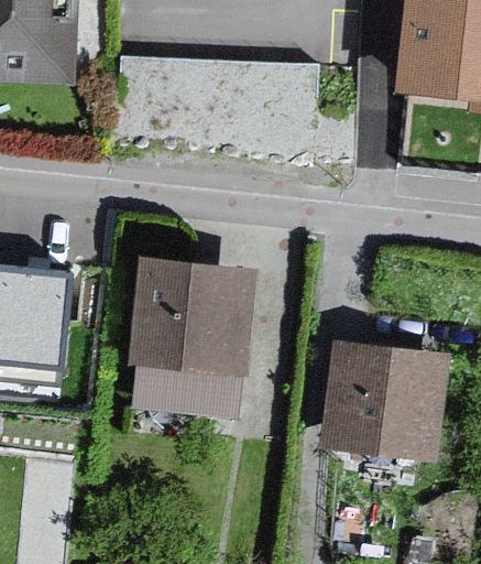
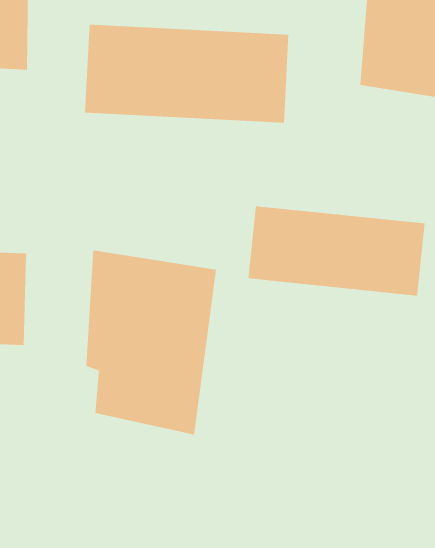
building: none -> [248,205,425,296]
building: [320,343,450,464] -> none

